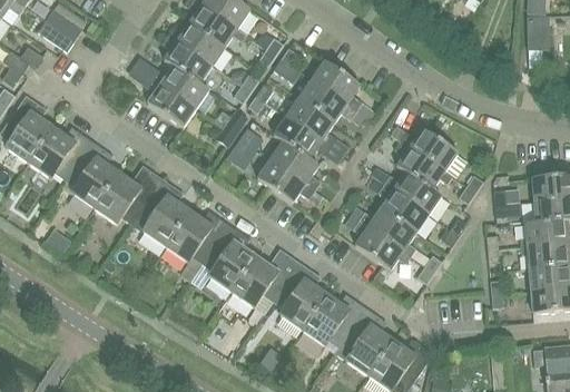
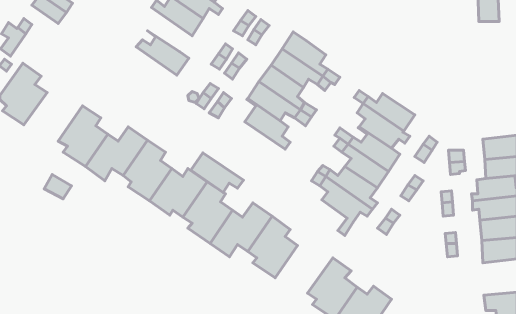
building: [161,33,213,82] -> none
building: [146,77,196,127] -> none
building: [28,126,92,180] -> none
building: [257,159,315,203] -> [191,153,243,192]
building: [304,294,367,347] -> none

